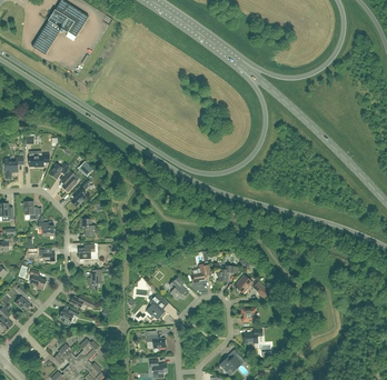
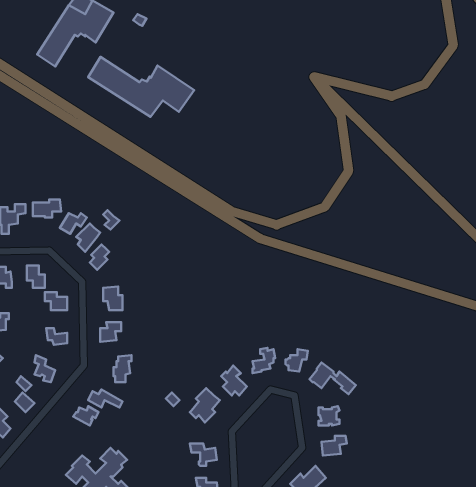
building: none -> [88,57,194,117]

